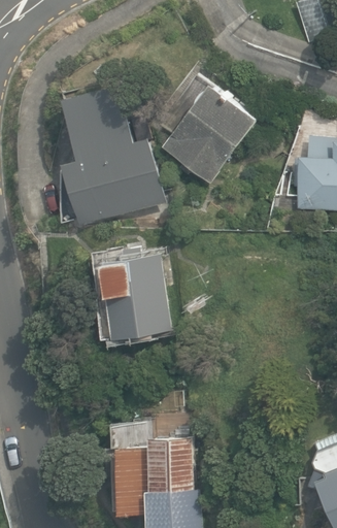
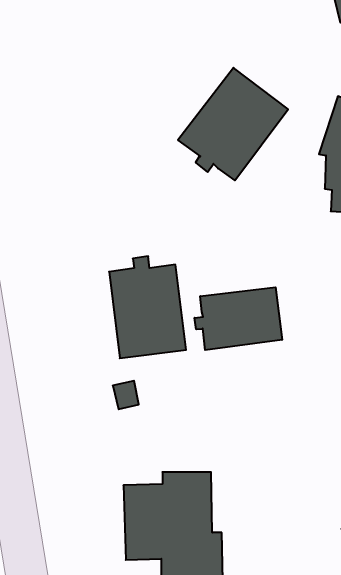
building: [60,86,165,225] -> none
building: none -> [195,287,282,350]

